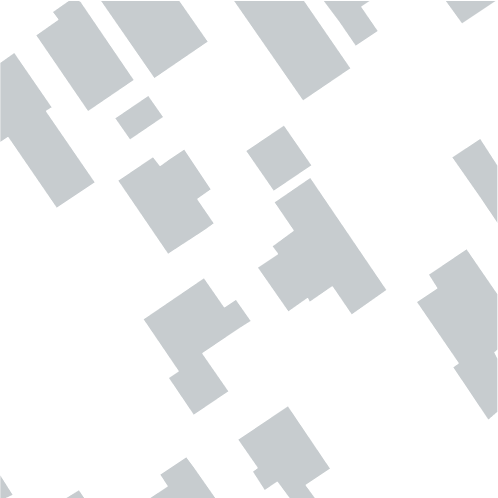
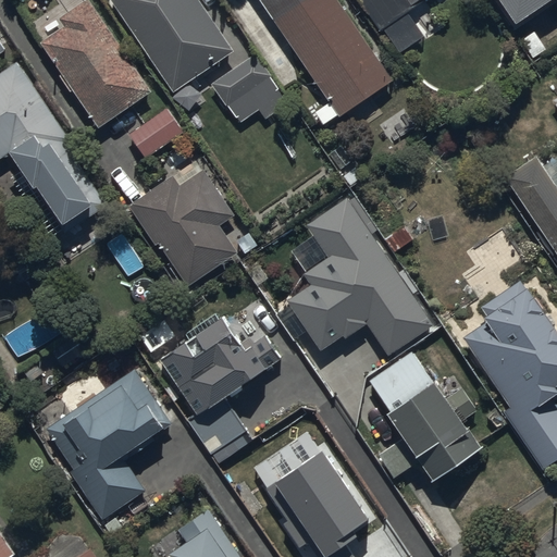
building: [245,124,313,192] -> [210,53,285,128]
building: none -> [366,350,481,482]
building: none -> [46,367,174,523]

